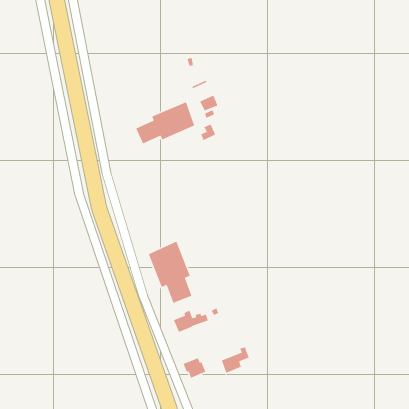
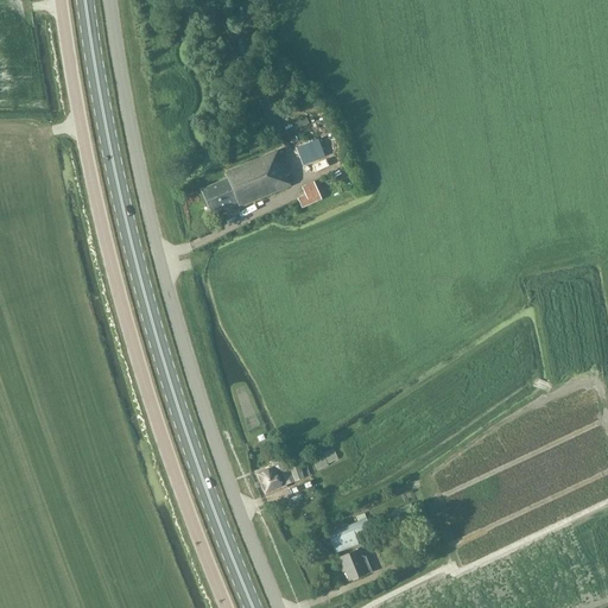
building: [148,241,193,304] -> none
building: [183,357,207,379] -> [336,549,372,581]

